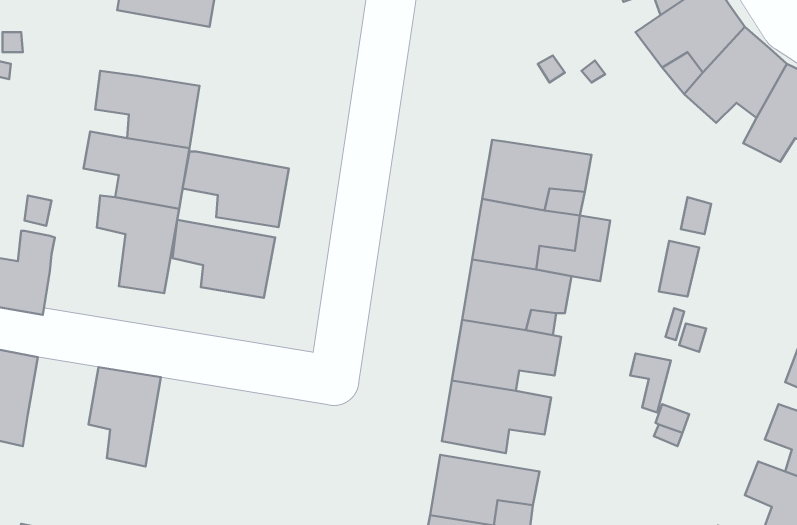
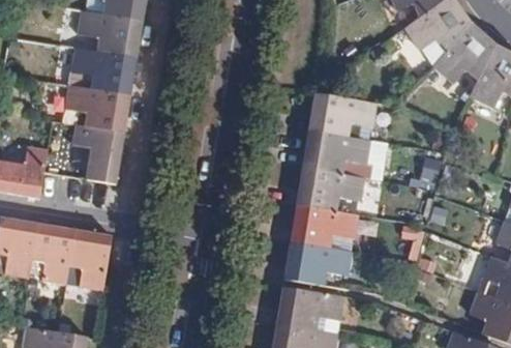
building: [183,152,289,227] -> [77,11,142,58]
building: [172,220,275,298] -> none
building: none -> [30,225,73,286]

